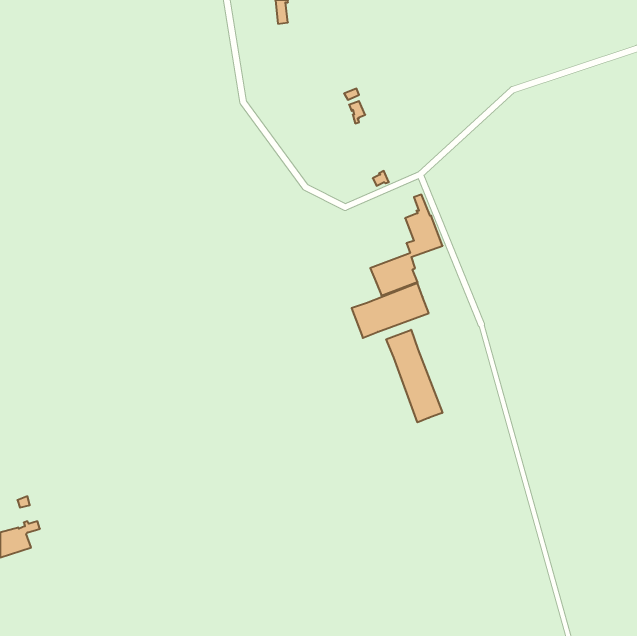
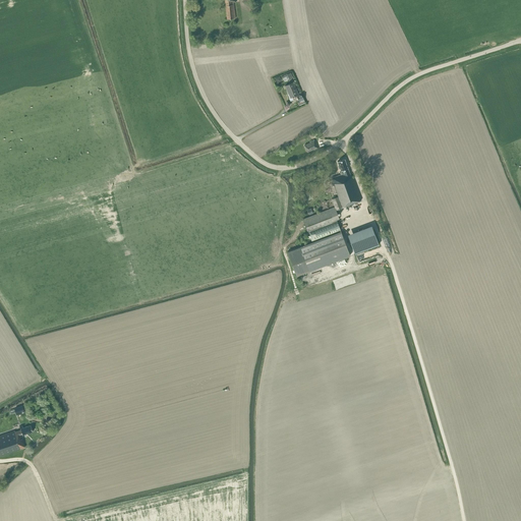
building: none -> [349,231,379,254]
building: [386,330,442,422] -> none

